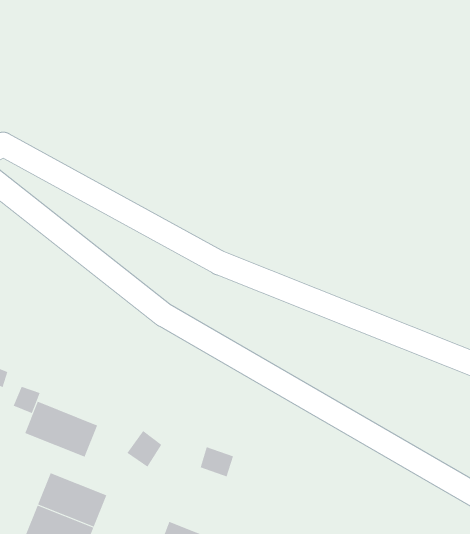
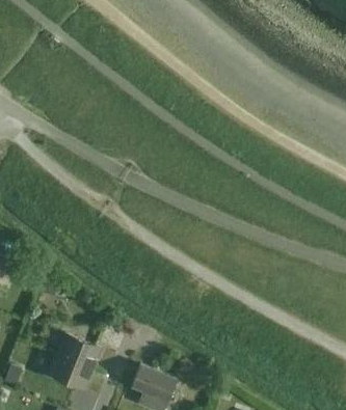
building: [25,401,98,457] -> none

